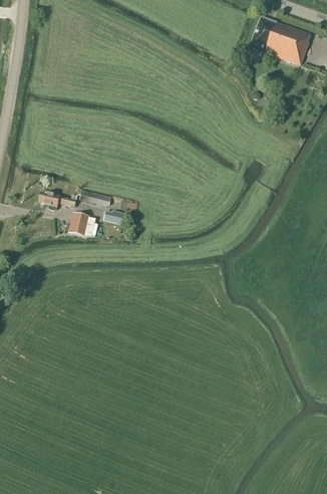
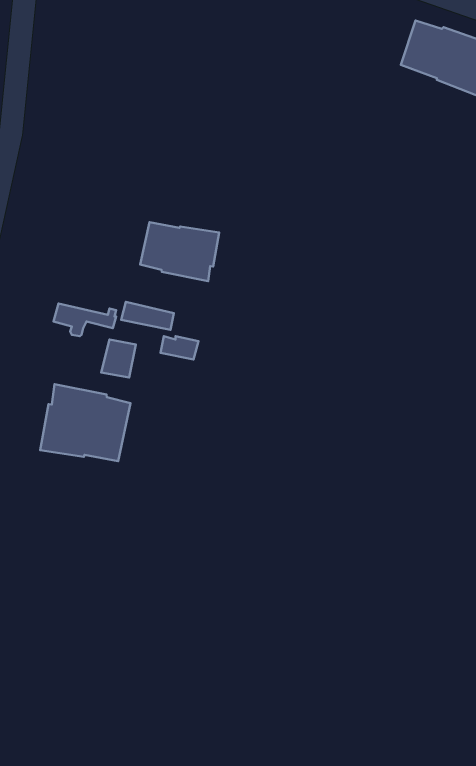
building: none -> [140,222,219,281]
building: none -> [40,384,131,461]

